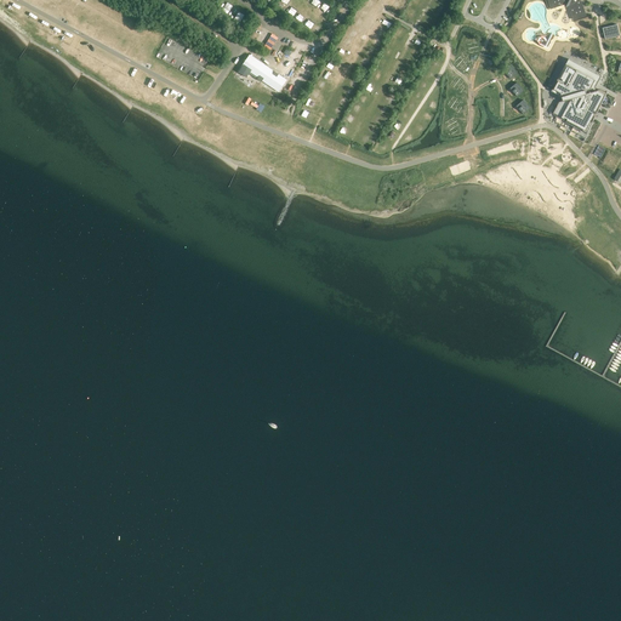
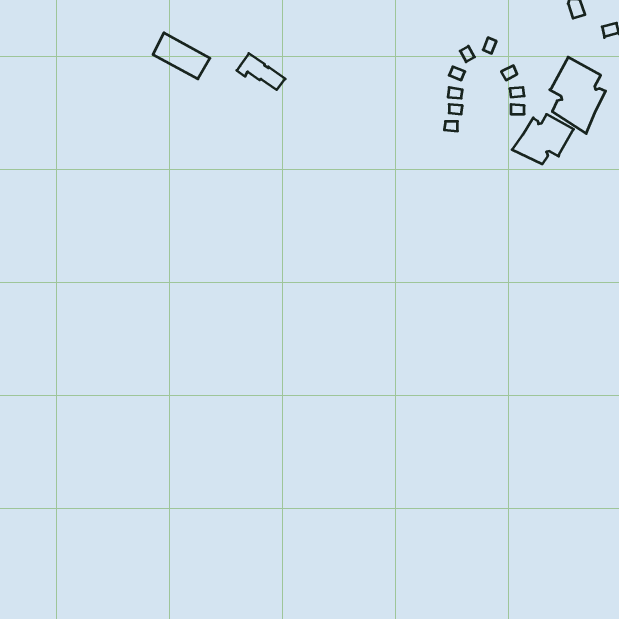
building: none -> [512,114,574,164]

